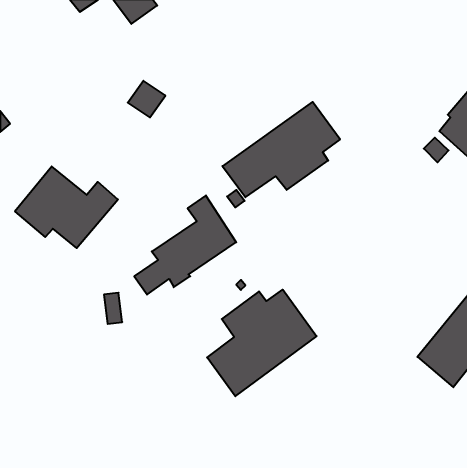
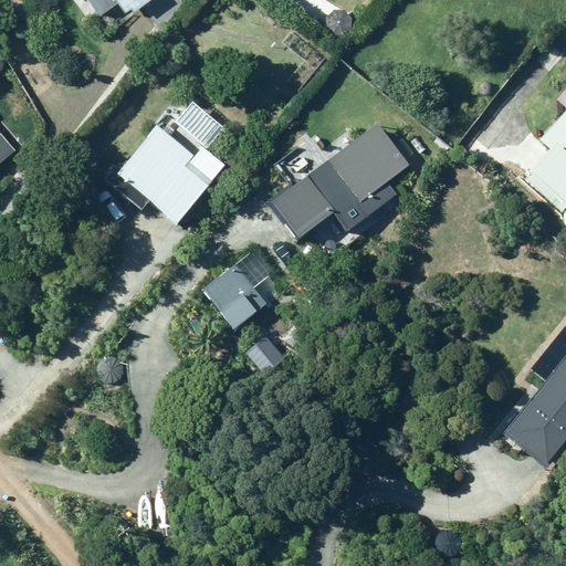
building: [15,166,118,248] -> [103,125,227,223]
building: [207,290,317,396] -> none

